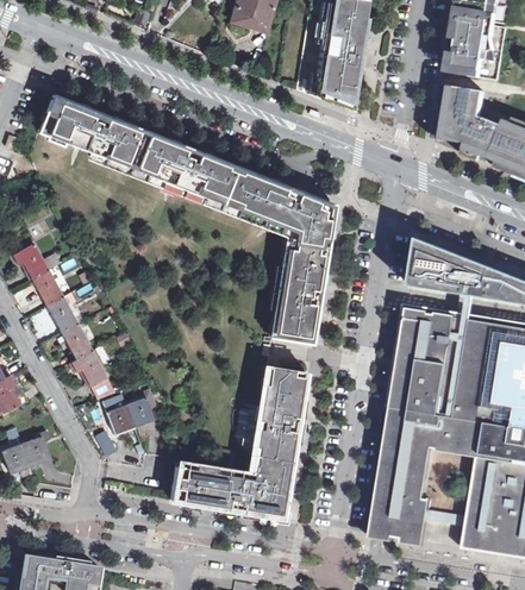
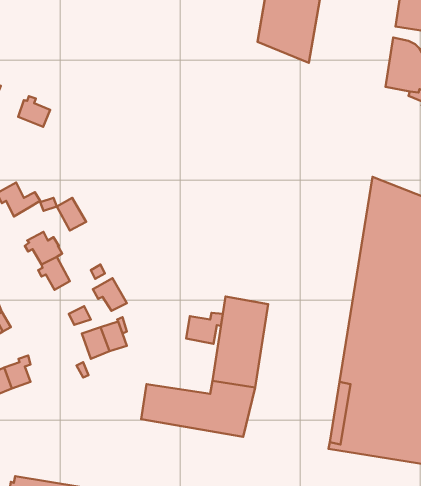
building: [39,96,331,343] -> none
building: none -> [18,96,50,127]
building: [31,269,63,305] -> [57,198,86,231]
building: [70,349,107,384] -> [93,278,127,311]
building: none -> [186,313,223,344]

